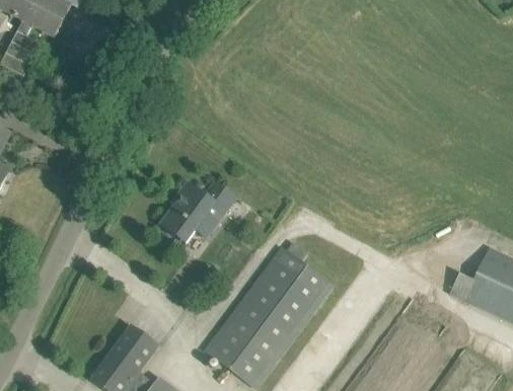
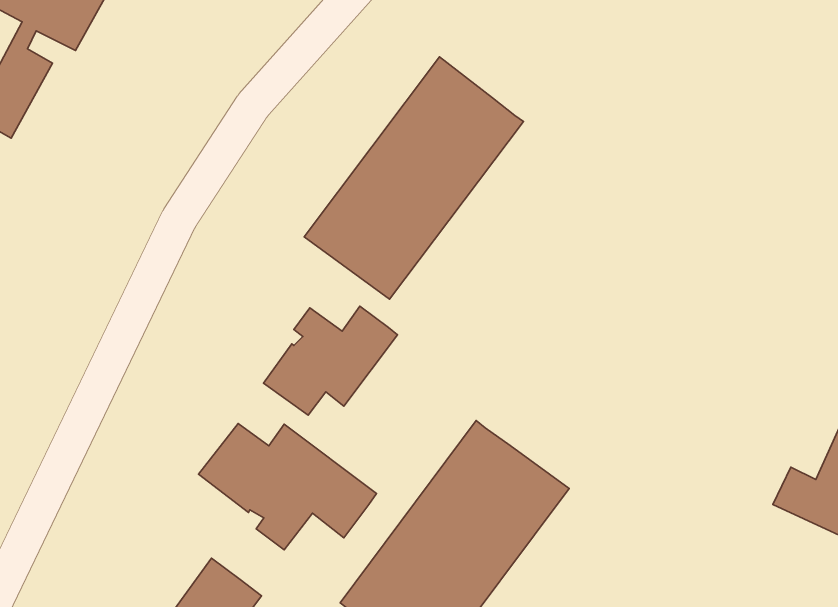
building: none -> [304,57,523,299]
building: none -> [199,424,377,550]

